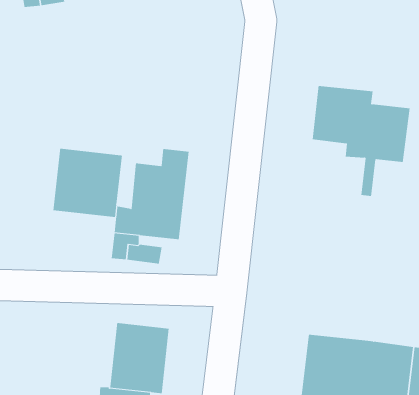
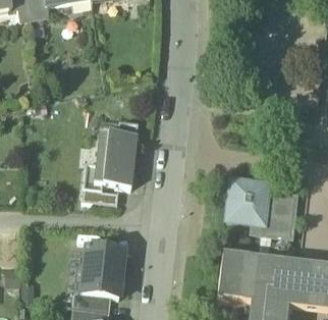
building: [312,85,411,197] -> [226,177,296,257]
building: [53,148,122,218] -> none

